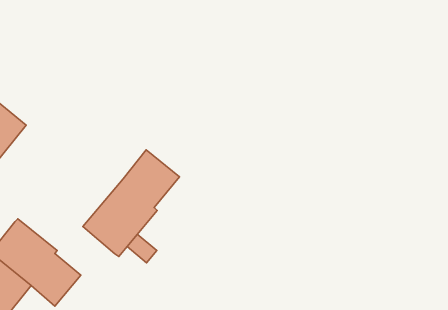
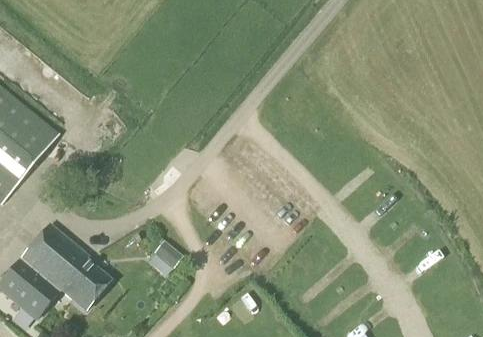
building: [83,150,179,256] -> none

